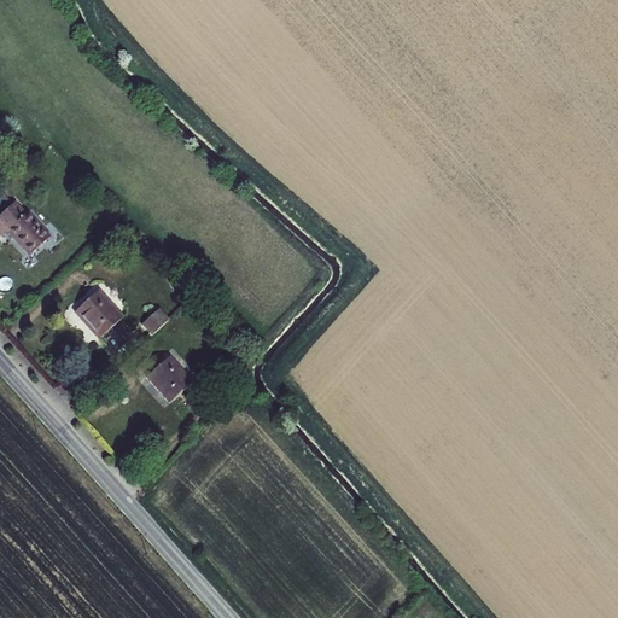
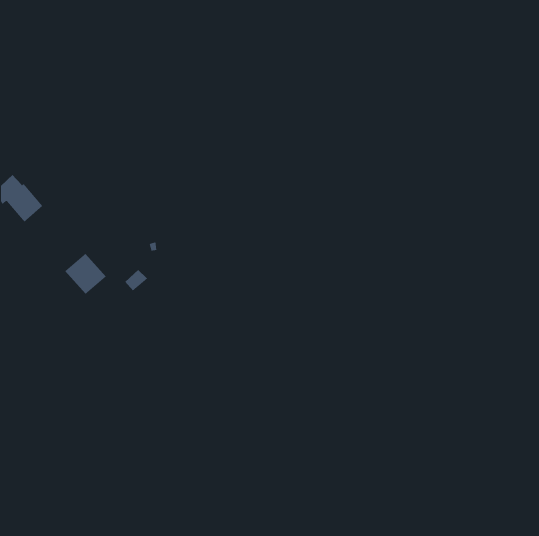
building: [146,355,192,401] -> none

